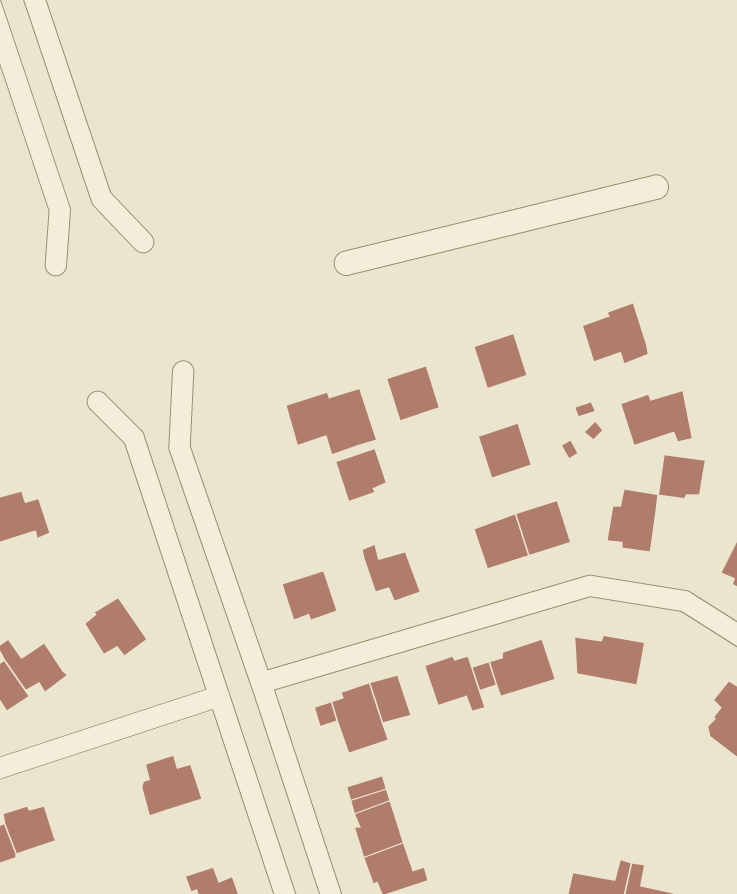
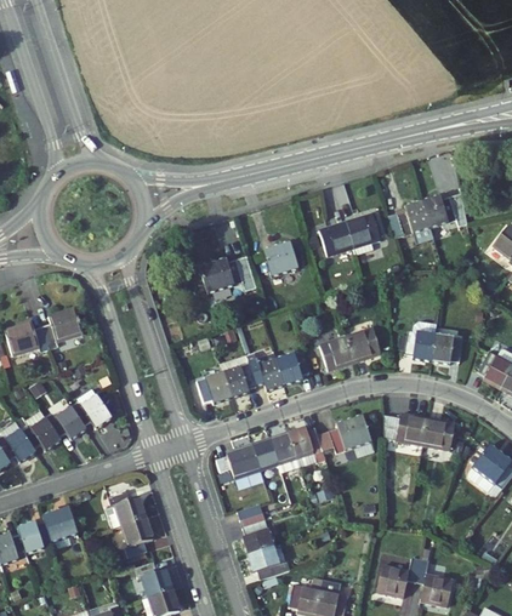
building: [620,391,693,446] -> [421,192,467,227]
building: [478,423,531,478] -> [345,211,379,246]
building: [335,448,387,502] -> [223,363,256,397]
building: [658,455,706,499] -> [432,333,462,361]
building: none -> [41,306,83,347]
building: none -> [275,349,311,384]
building: none -> [45,405,85,437]
building: none -> [423,417,455,449]
building: none -> [271,432,300,472]
building: none -> [42,509,78,541]
building: none -> [123,517,152,555]

